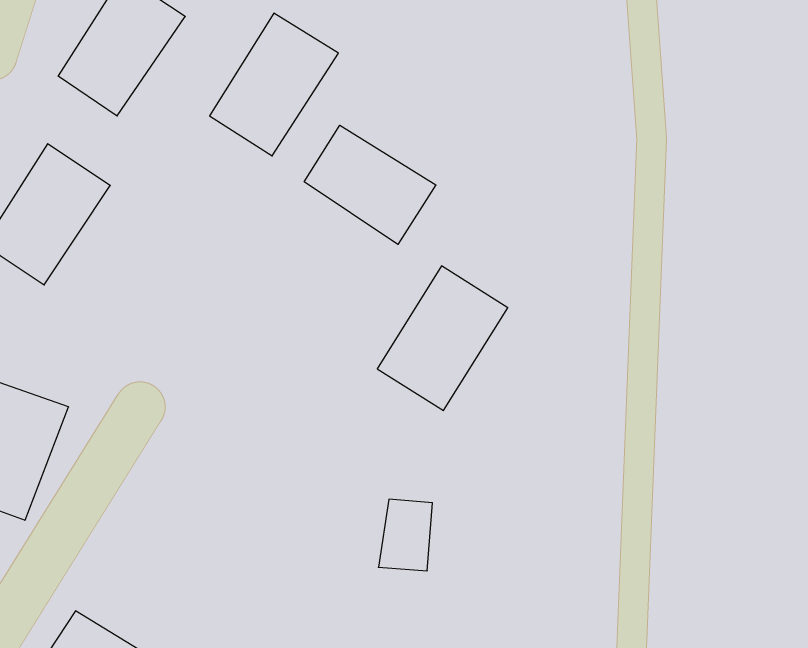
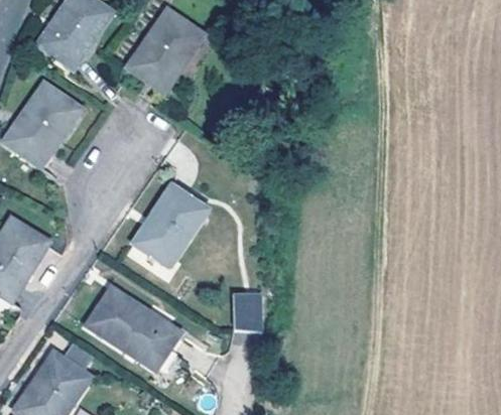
building: [304,125,436,244] -> none
building: [377,266,508,411] -> [131,181,207,265]
building: none -> [87,287,182,370]

